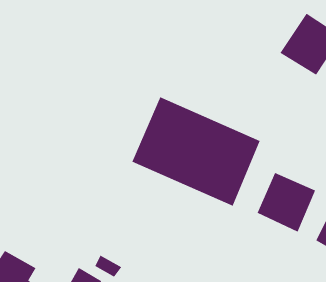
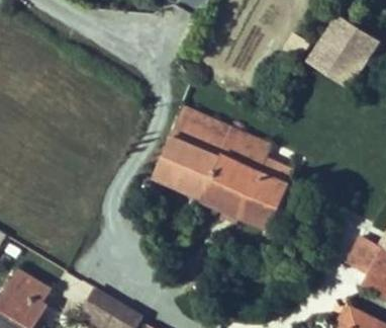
building: [257,172,316,232] -> none

